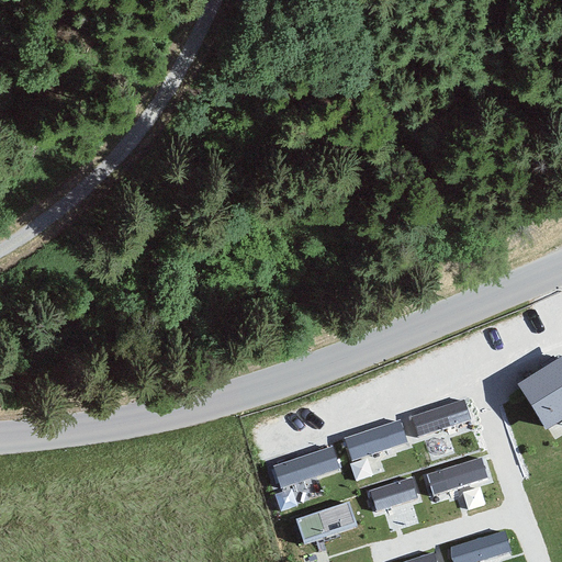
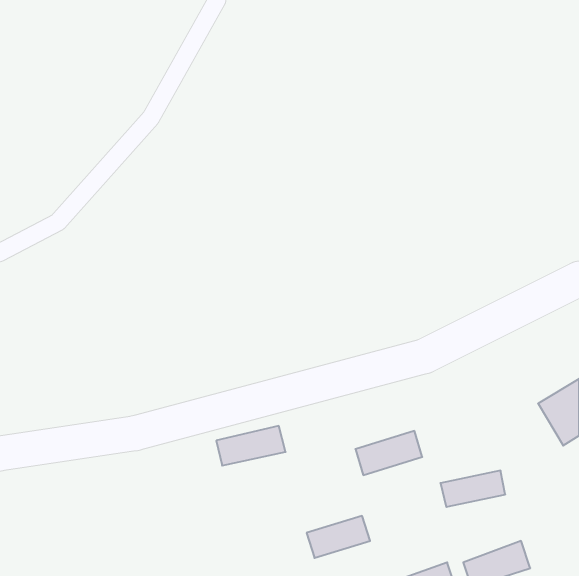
building: [411,398,471,438] -> none
building: [274,448,341,486] -> [216,426,286,466]
building: [369,474,419,513] -> none

